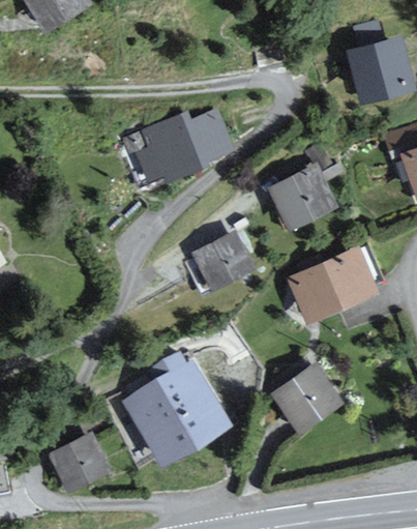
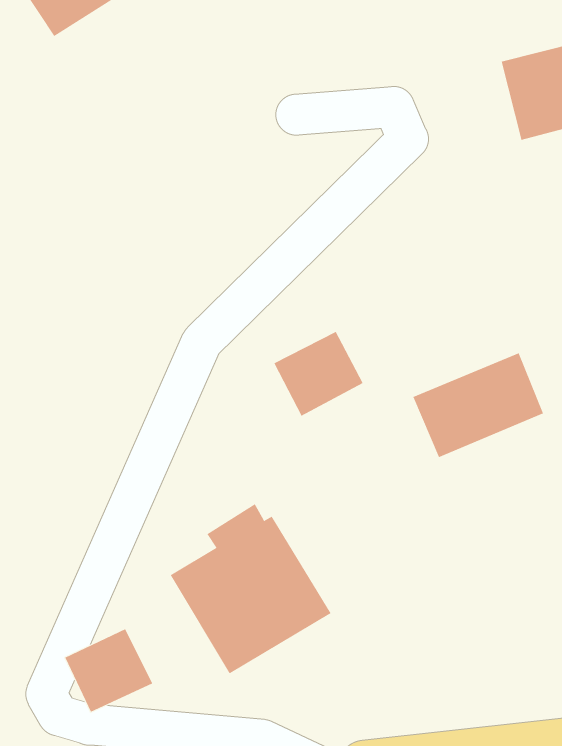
building: [123,108,235,189] -> none
building: [269,165,338,230] -> none
building: [273,363,341,432] -> none

